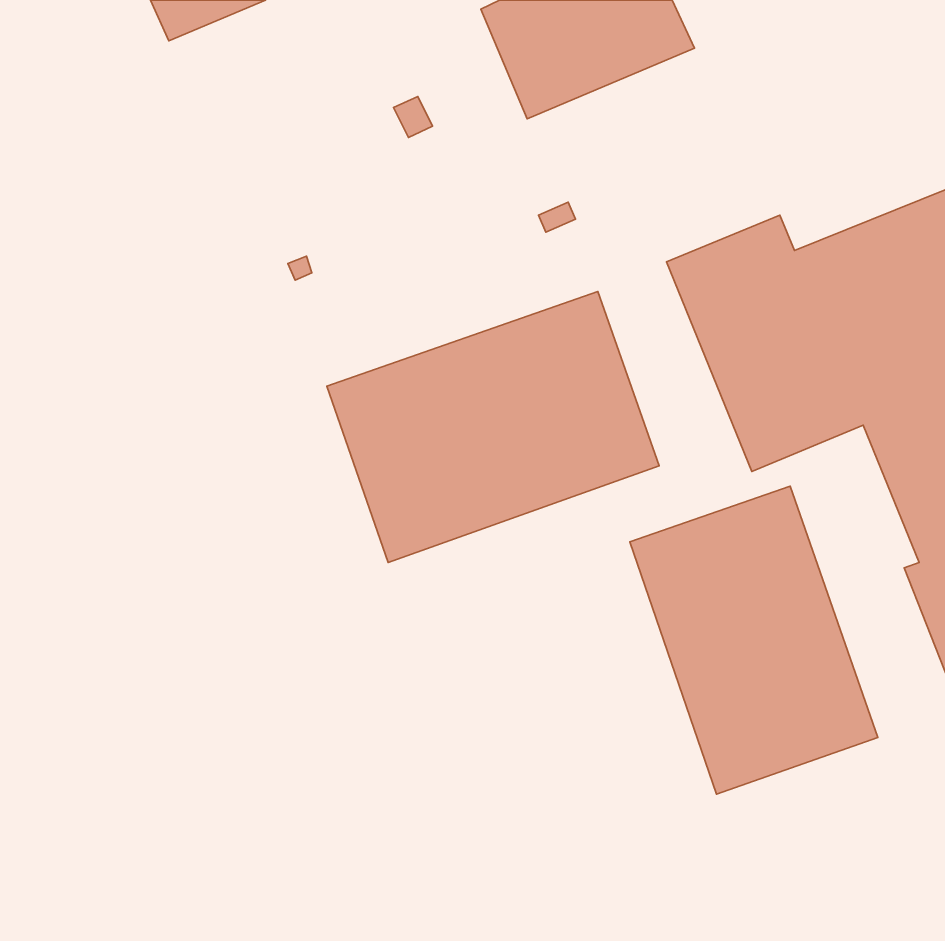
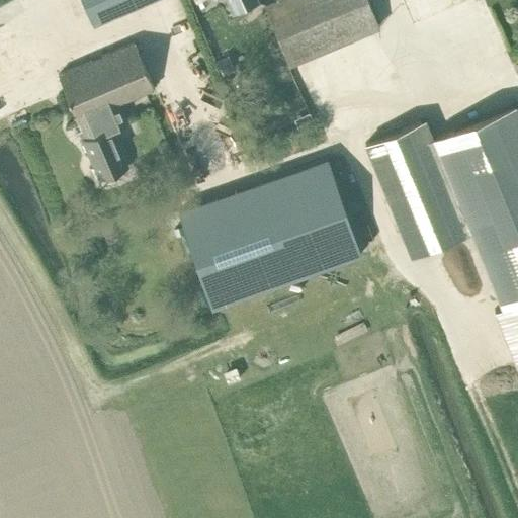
building: none -> [59,46,155,182]
building: [630,486,878,794] -> none

